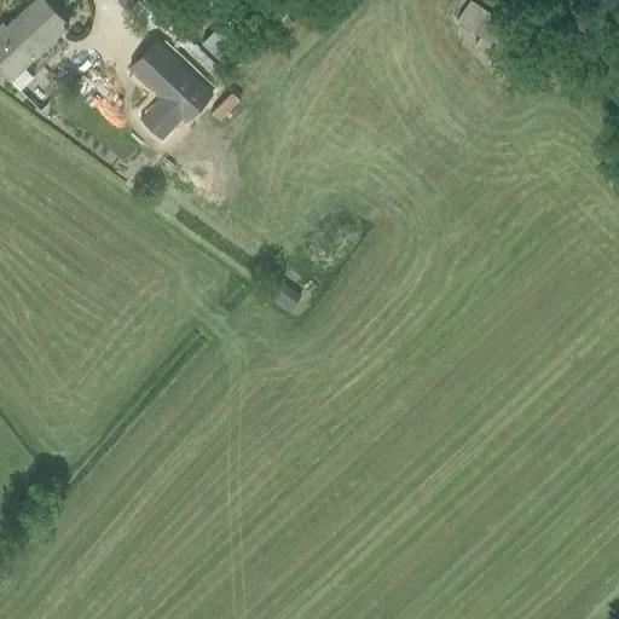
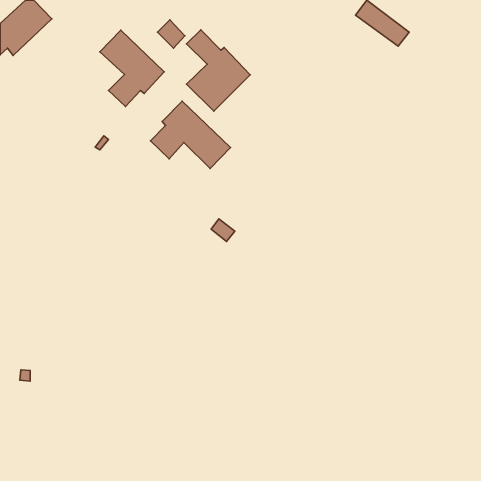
building: none -> [186,30,250,111]
building: none -> [150,101,230,168]

